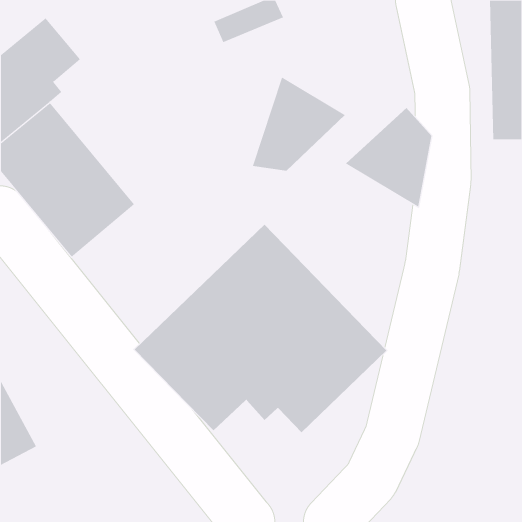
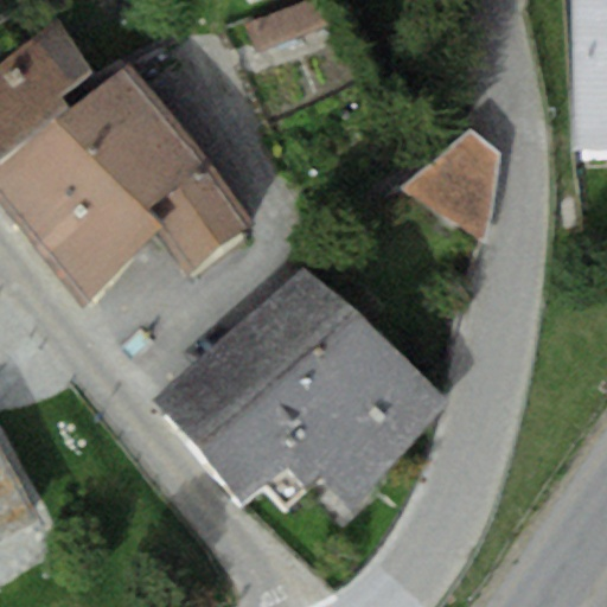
building: none -> [58,62,257,275]
building: [252,77,346,172] -> none

